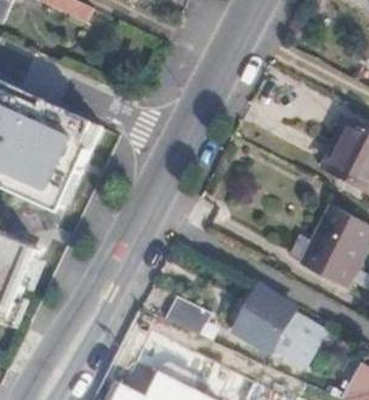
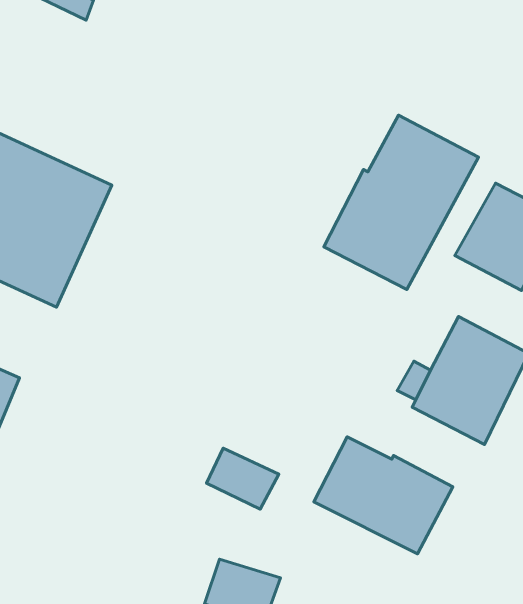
building: none -> [324,115,478,289]

